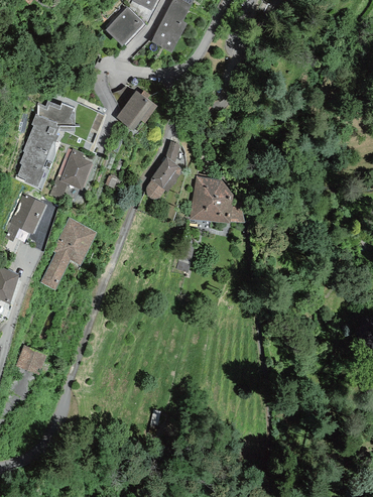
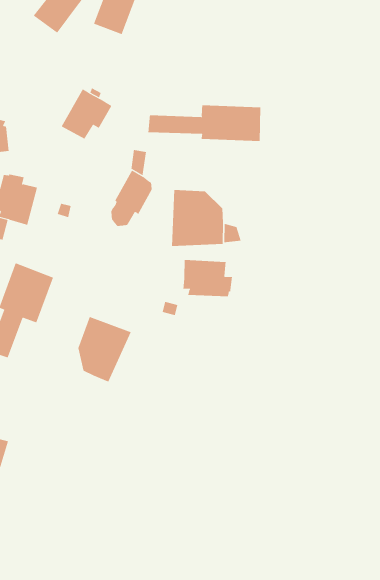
building: none -> [148,104,261,142]
building: none -> [183,259,232,297]
building: none -> [78,316,131,383]

